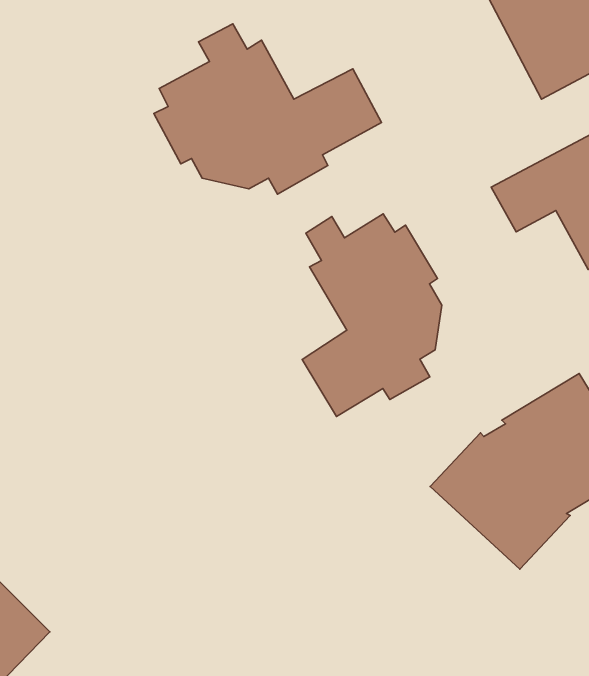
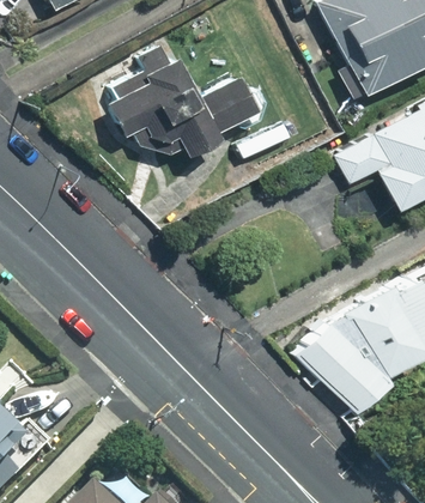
building: [302,214,442,417] -> none

